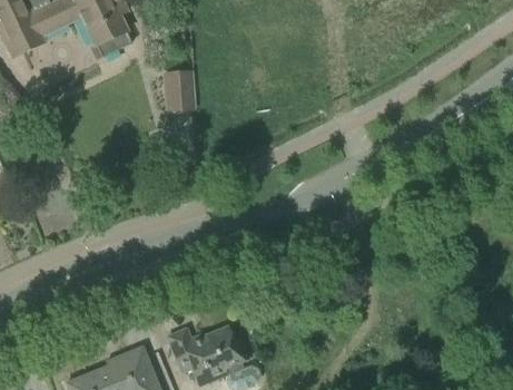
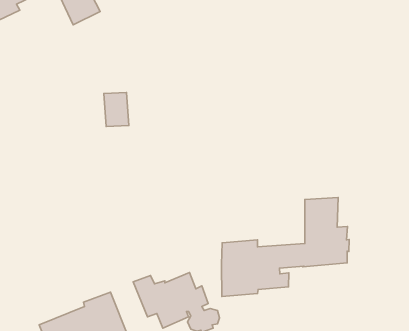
building: [166,72,193,109] -> [104,92,129,126]
building: none -> [222,197,349,296]

